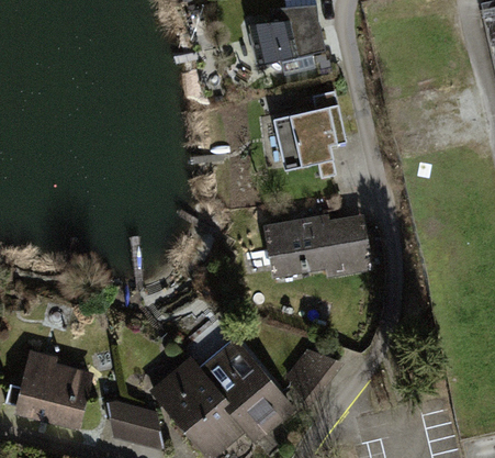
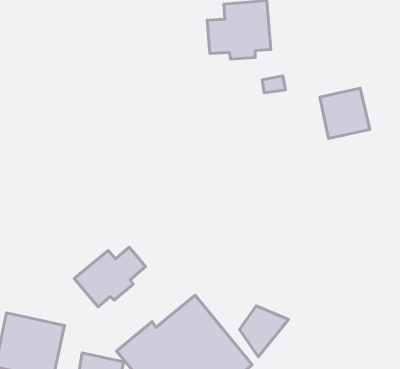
building: [291,111,347,167] -> [320,88,370,138]
building: [265,209,370,276] -> none
building: none -> [74,247,145,307]

